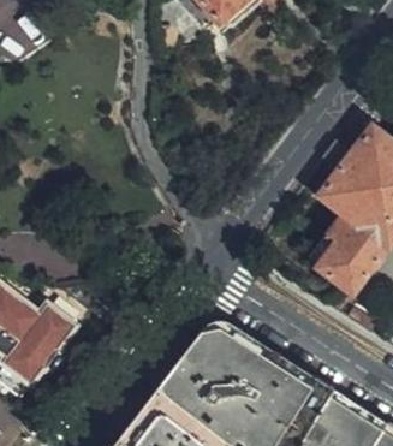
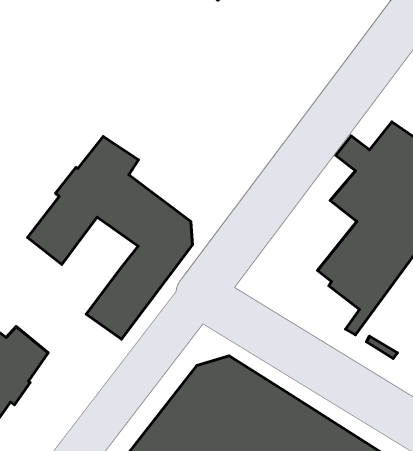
building: none -> [27,136,192,339]

